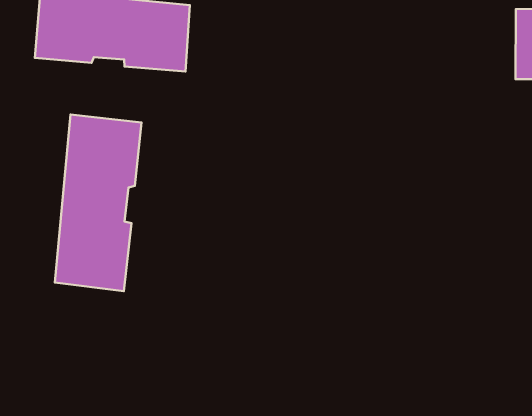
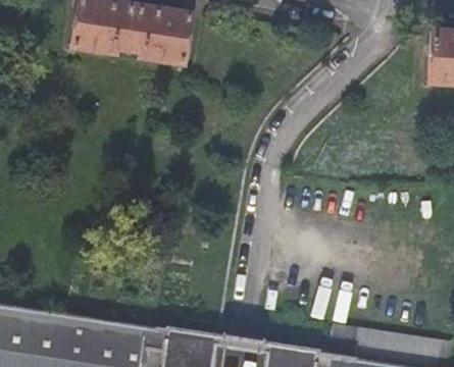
building: [55,115,141,291] -> none

